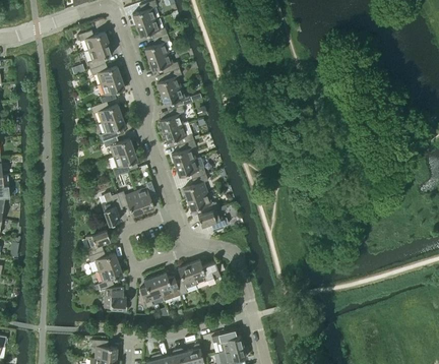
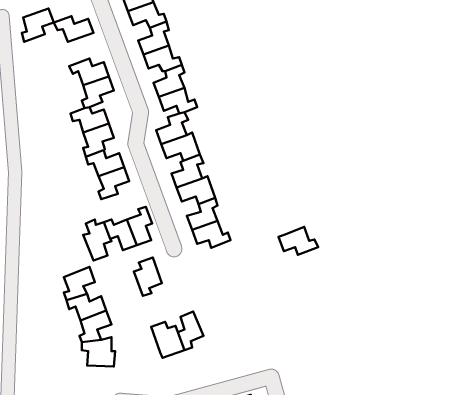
building: [87,44,113,70] -> [22,9,54,42]
building: [197,208,229,231] -> [279,227,318,255]
building: [188,260,220,286] -> none
building: [139,278,162,308] -> [134,257,162,296]

